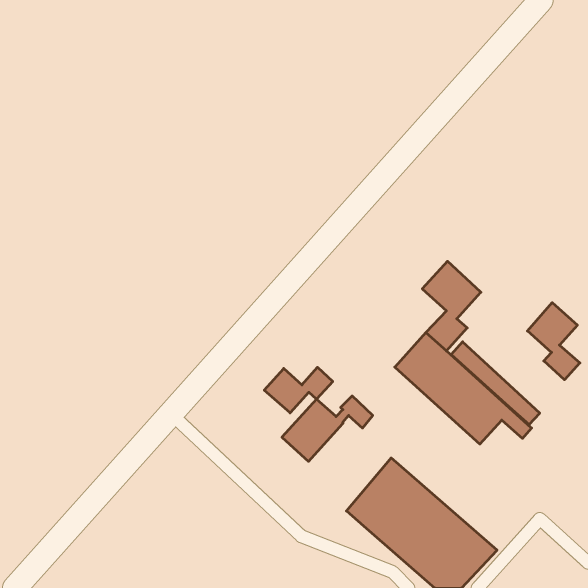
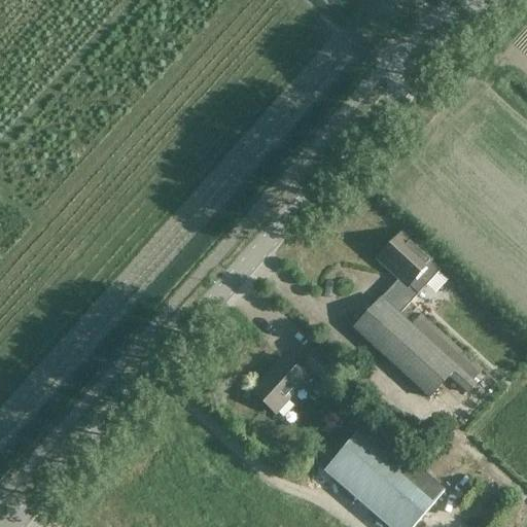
building: [527,303,580,380] -> none
building: [264,367,333,413] -> none

